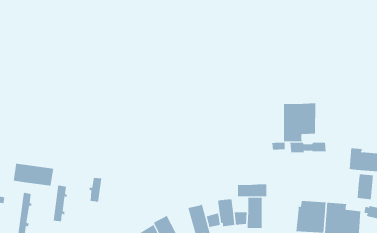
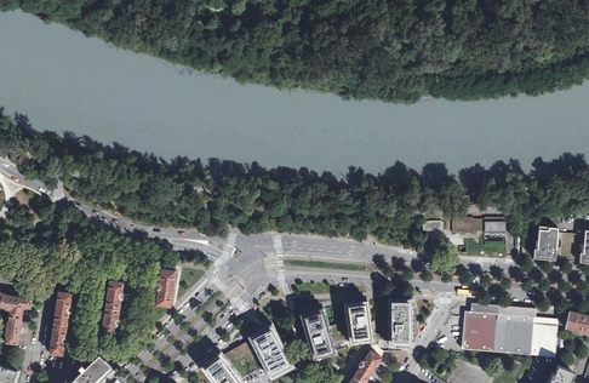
building: [284,103,316,142] -> none
building: [13,163,54,186] -> none
building: [357,173,374,200] -> none
building: [237,183,267,197] -> none

